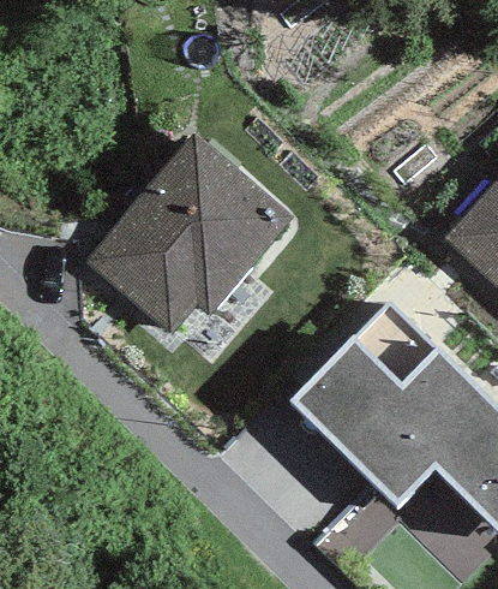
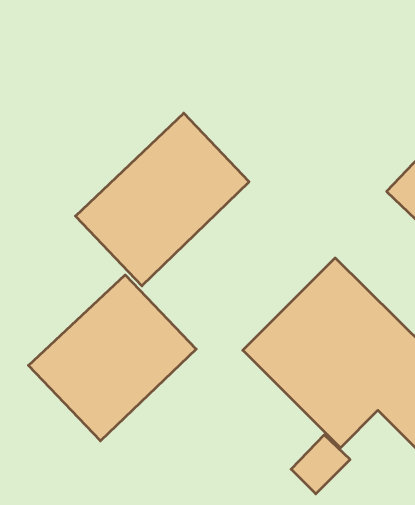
building: none -> [28,275,196,441]

